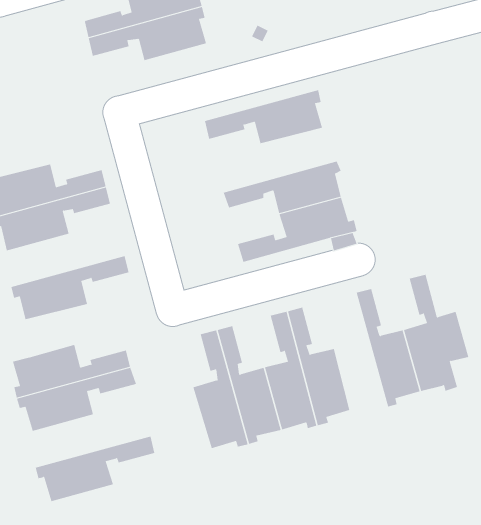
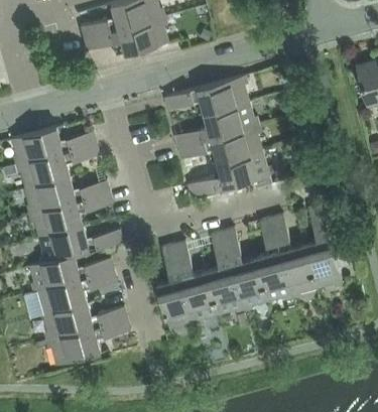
building: none -> [174,102,258,147]
building: none -> [25,176,109,214]
building: none -> [256,218,293,300]
building: none -> [38,226,122,263]
building: none -> [43,303,127,340]

